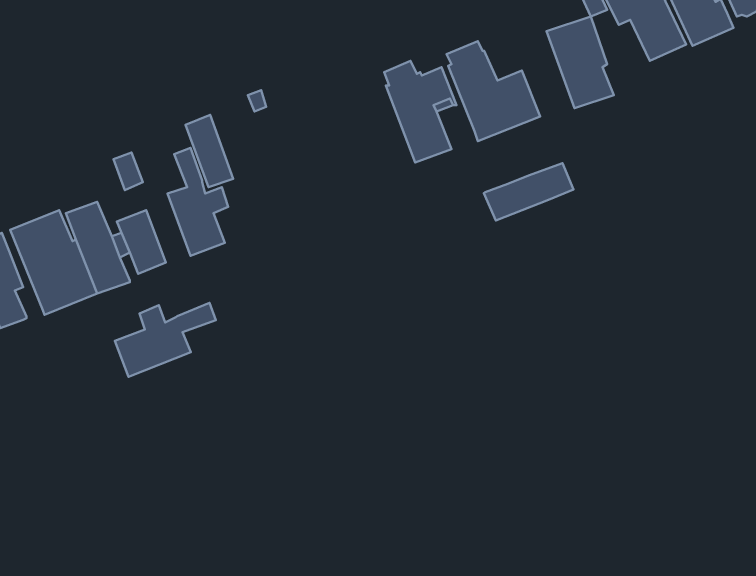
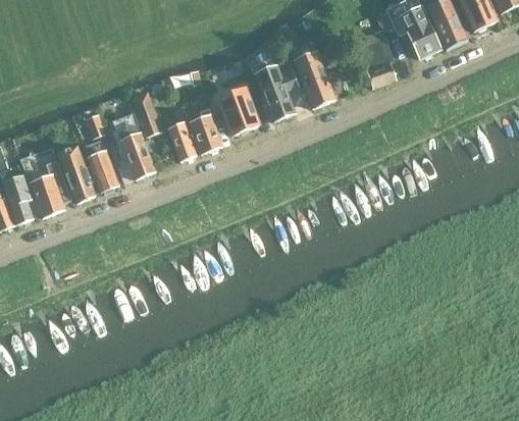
building: none -> [215,88,259,136]
building: none -> [186,108,221,154]
building: [484,163,574,220] -> none
building: none -> [166,122,195,161]
building: [115,303,216,377] -> none

